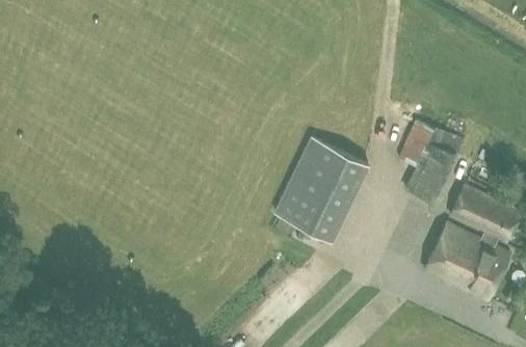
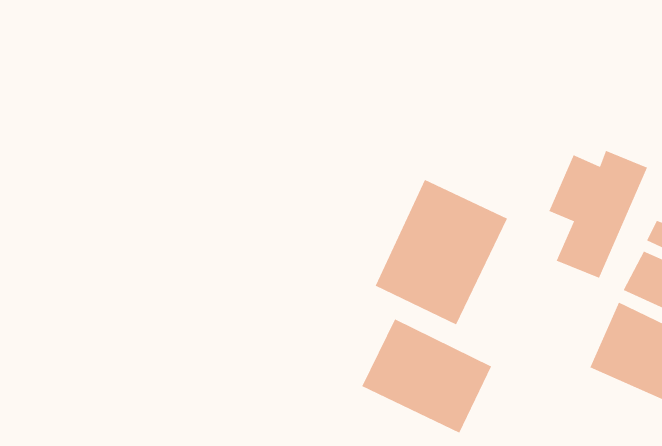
building: none -> [362,318,492,434]

